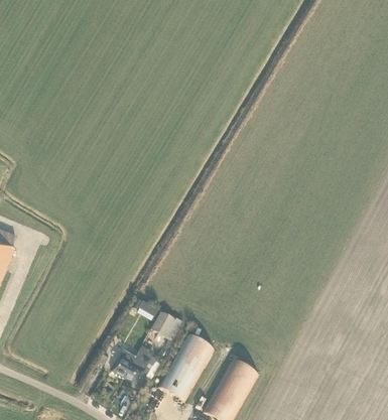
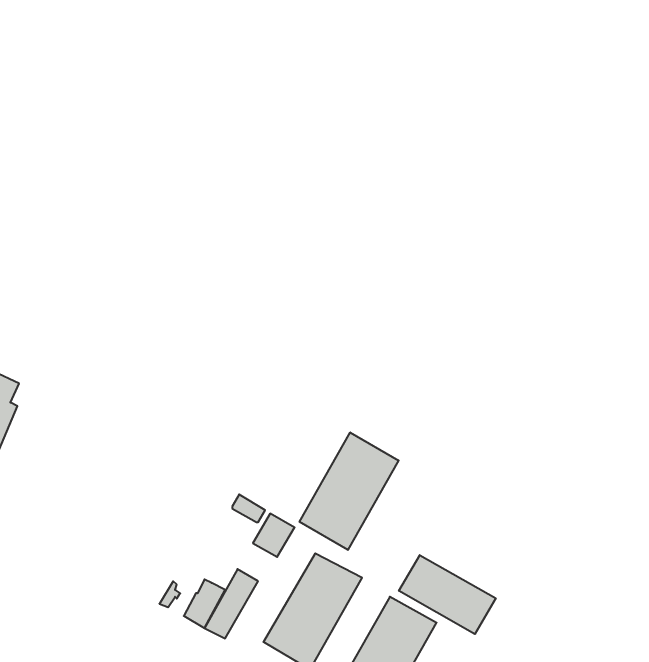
building: none -> [300,432,399,550]
building: none -> [399,555,496,634]

